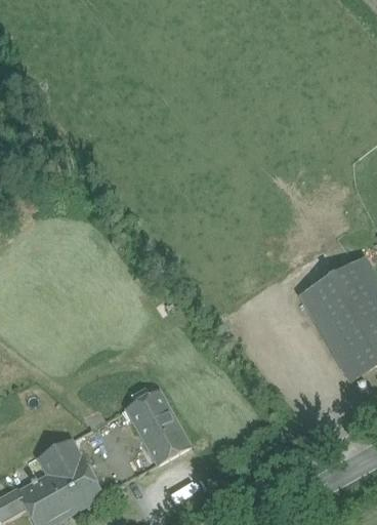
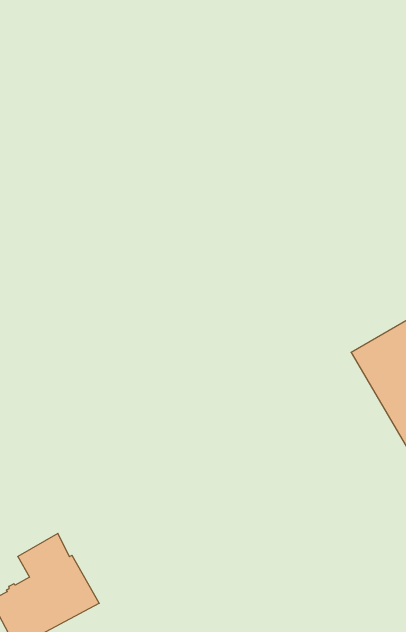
building: [123,390,188,465] -> none

